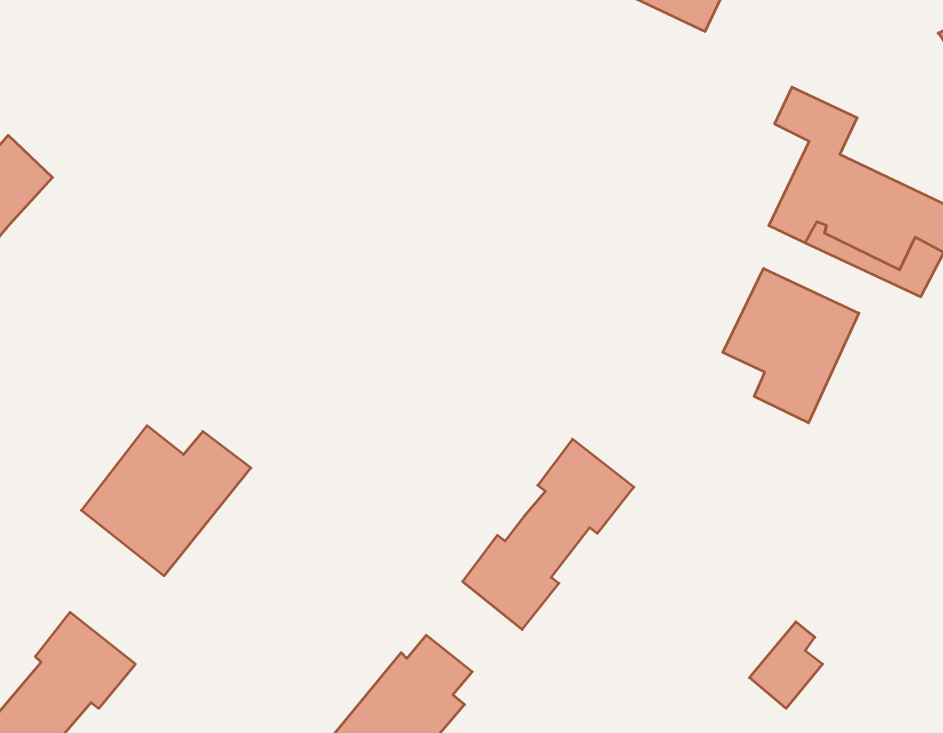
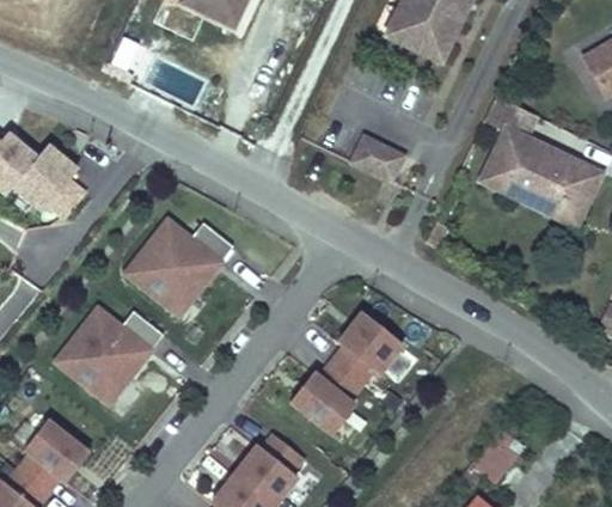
building: none -> [351,133,404,177]
building: none -> [11,139,86,216]
building: [723,268,859,423] -> none
building: none -> [127,218,232,311]

